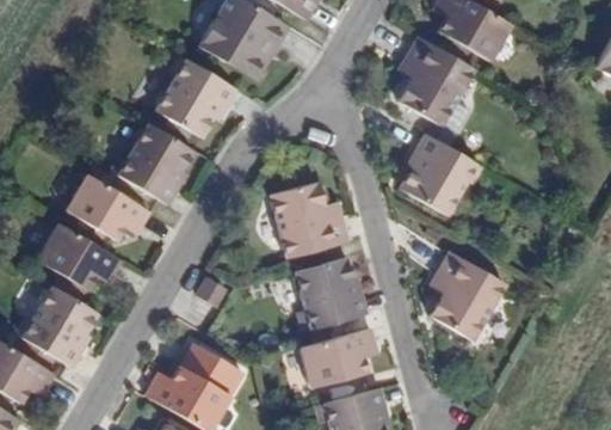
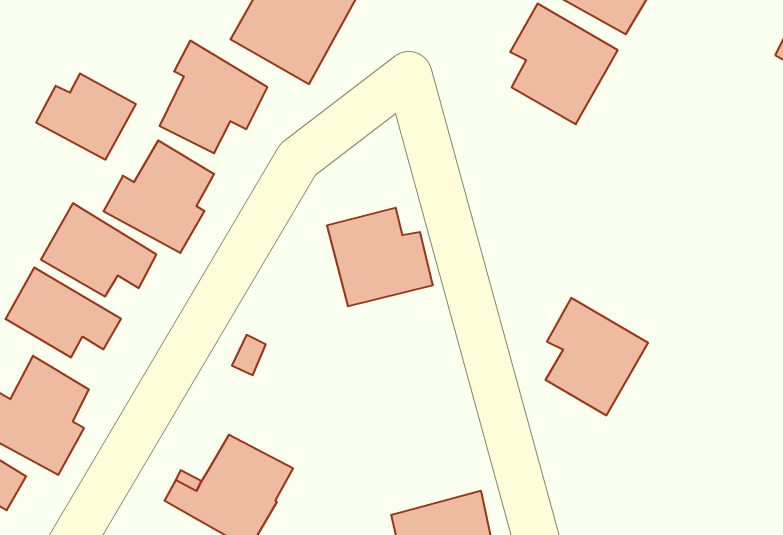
building: none -> [36,73,136,160]
building: [397,128,479,213] -> none
building: [298,258,370,334] -> none
building: [303,326,381,387] -> none

